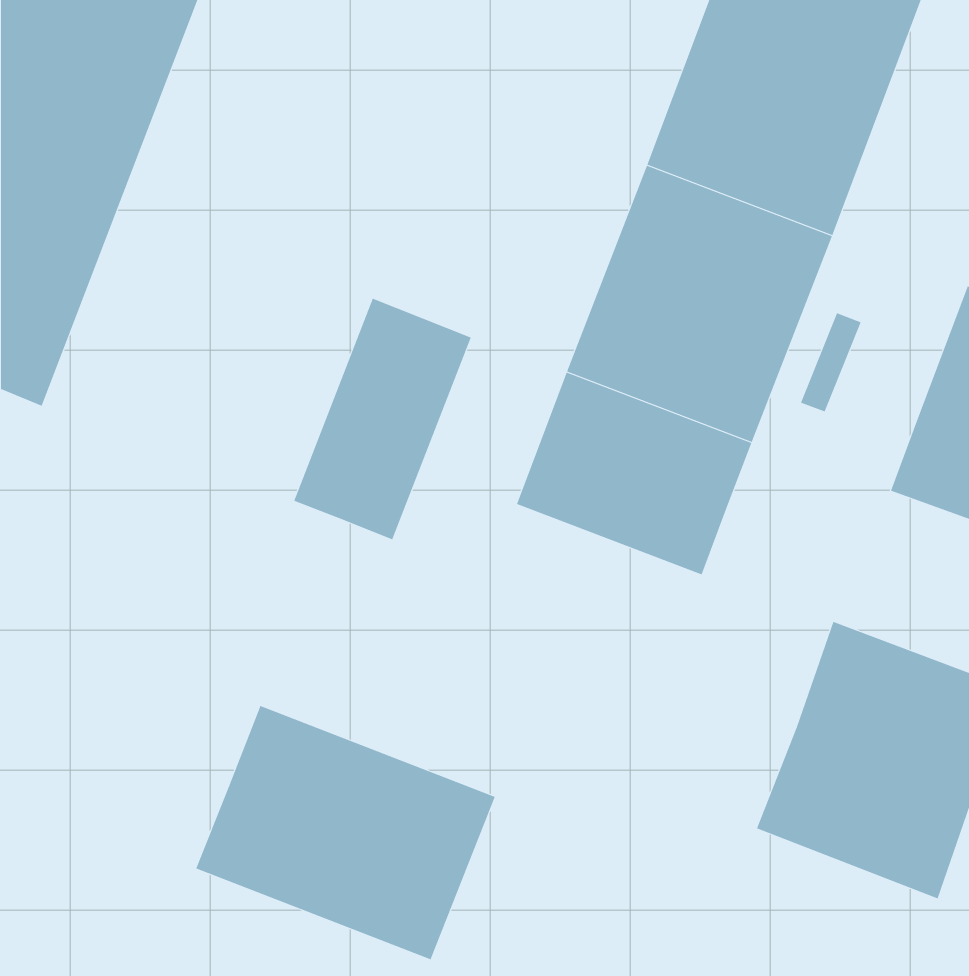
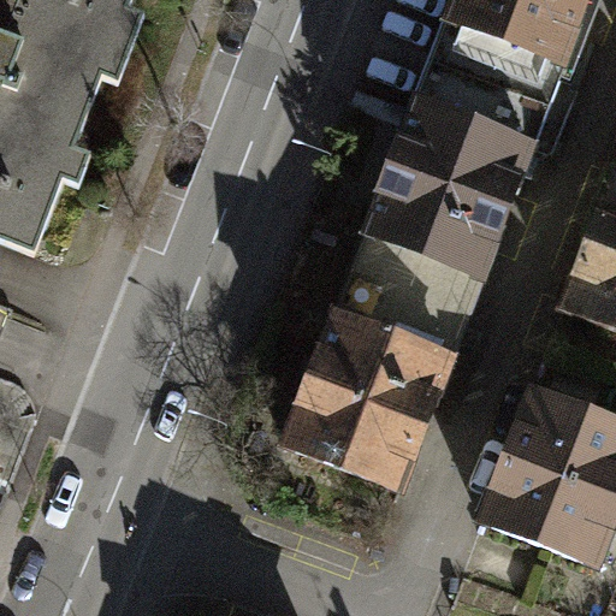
building: [294,298,472,540] -> none
building: none -> [280,316,448,491]
building: [196,705,495,960] -> none

